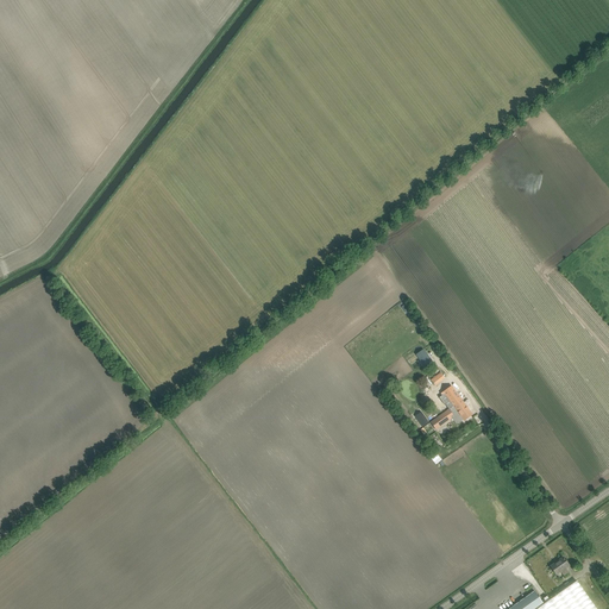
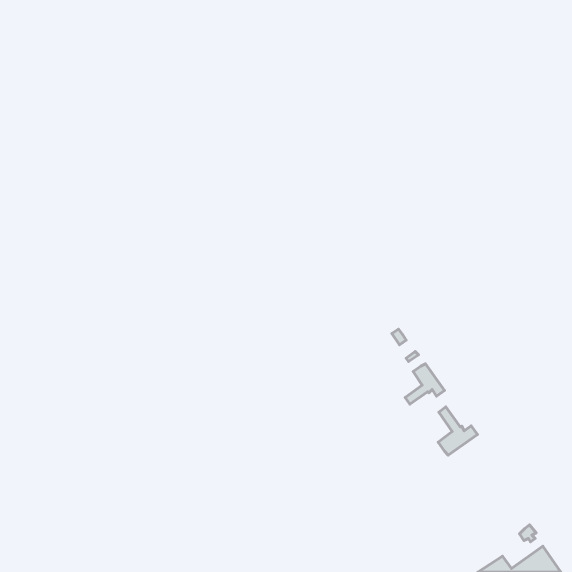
building: none -> [438,407,477,455]

